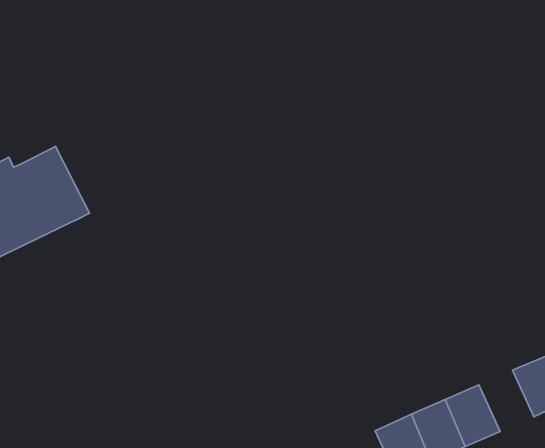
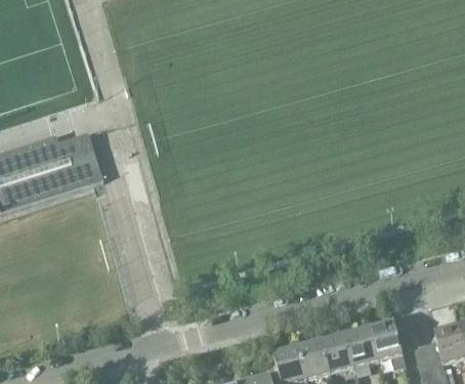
building: none -> [345,327,378,366]

